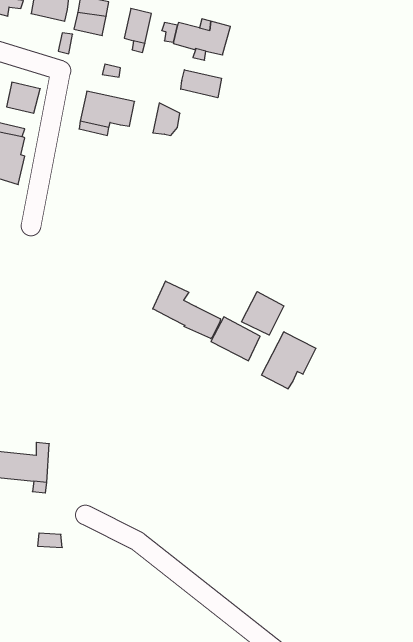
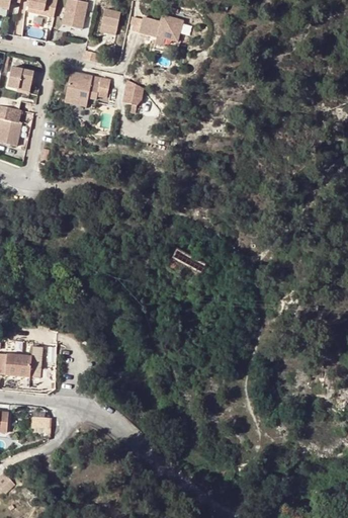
building: [181,70,221,98] -> none
building: [153,281,220,339] -> none
building: [242,292,284,335] -> none
building: [262,332,316,389] -> none

